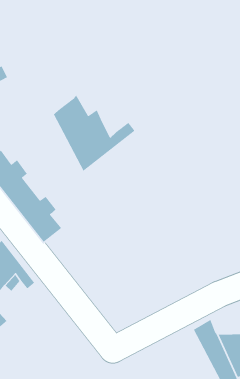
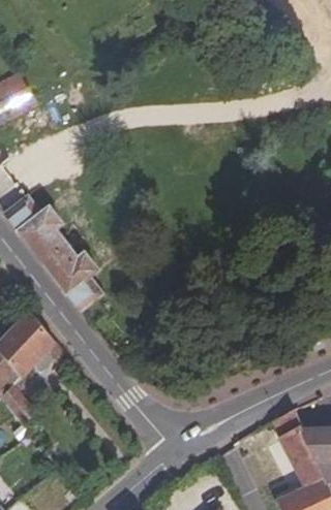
building: [53,95,135,172] -> none

